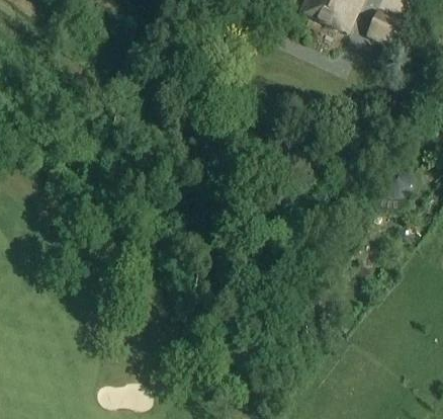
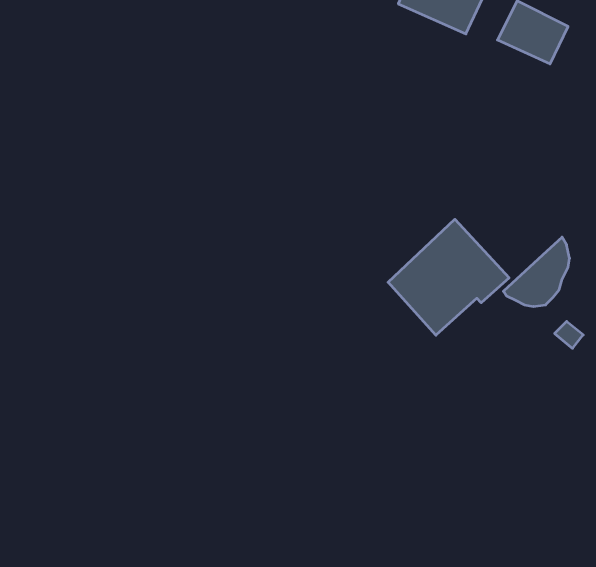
building: none -> [388,219,509,335]

